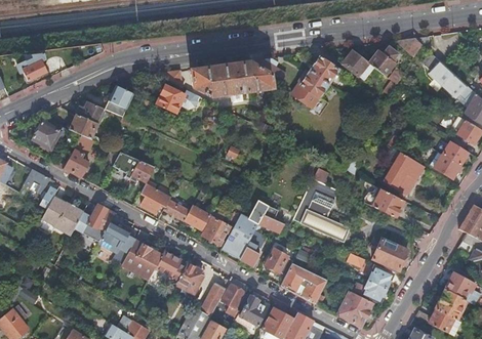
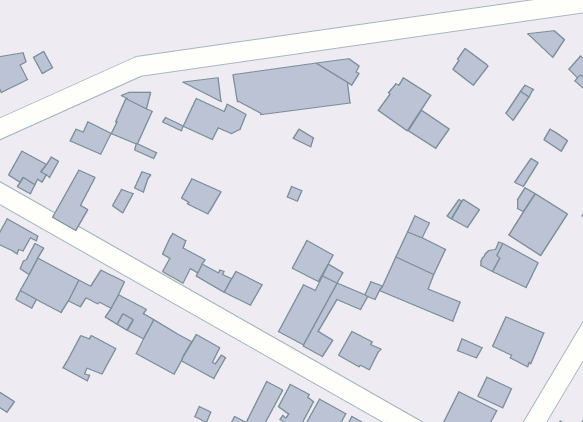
building: [368,46,398,76] -> none
building: [309,56,337,83] -> [408,110,449,148]
building: [70,115,104,143] -> none
building: [127,158,155,182] -> [182,179,221,214]
building: [201,216,230,245] -> [292,240,333,282]
building: none -> [63,336,116,381]
building: [280,262,326,303] -> none
building: [174,263,202,300] -> none
building: [362,263,392,288] -> none

